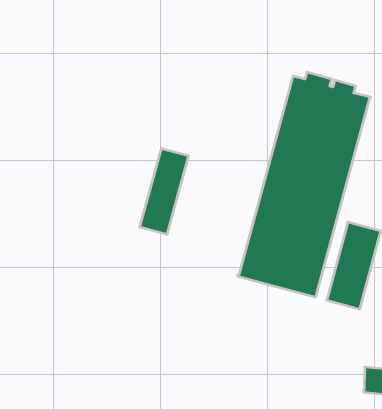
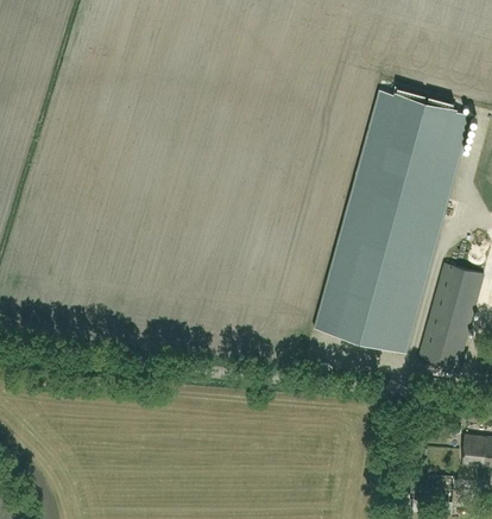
building: [140,148,188,235] -> none

